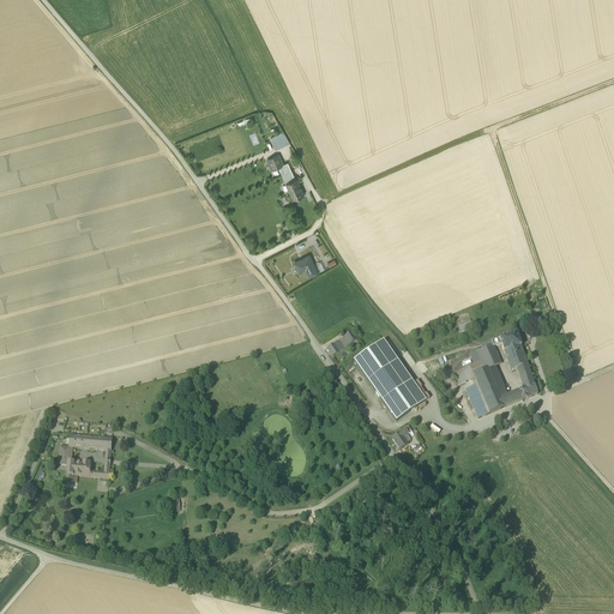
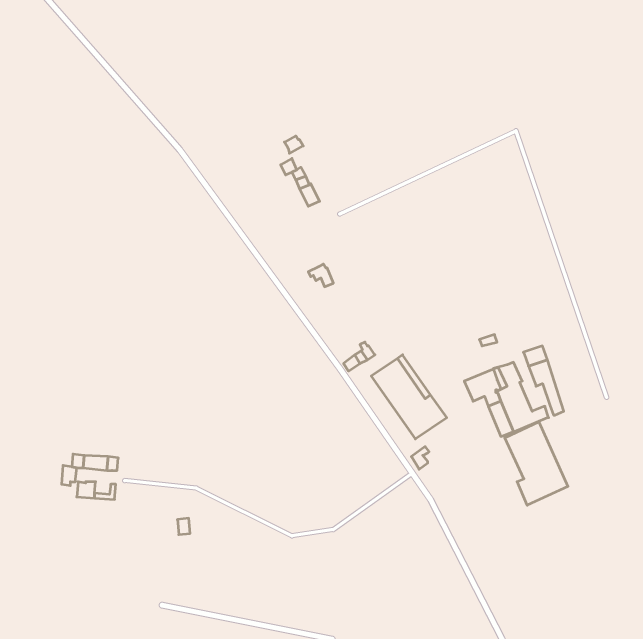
building: none -> [505,422,568,505]

